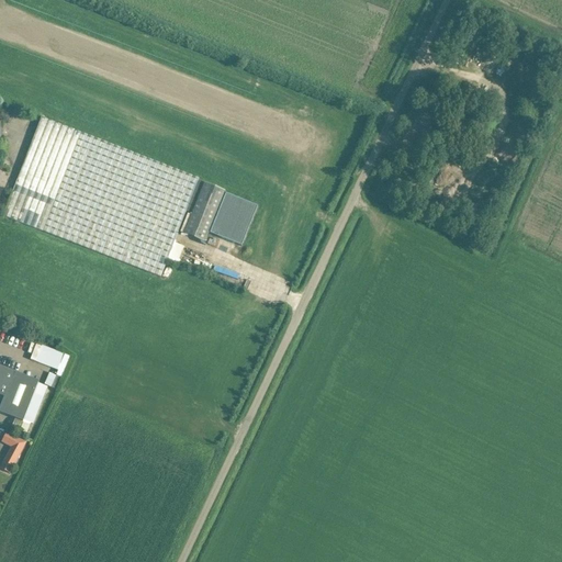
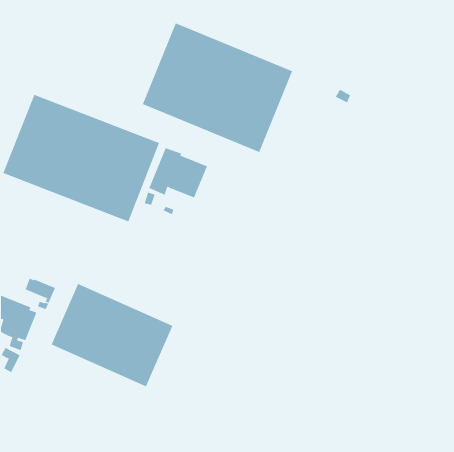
building: none -> [142,23,293,153]
building: none -> [51,283,173,387]

